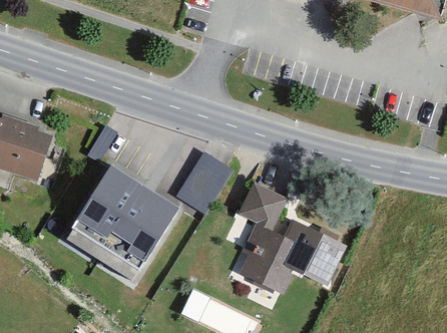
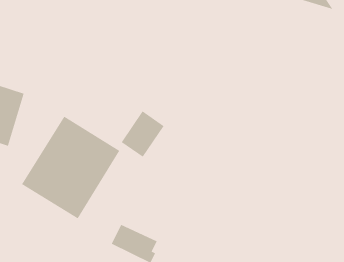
building: [238,172,345,299] -> none

